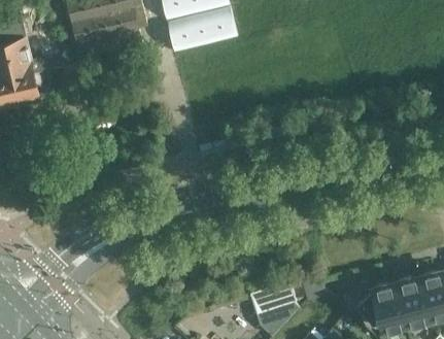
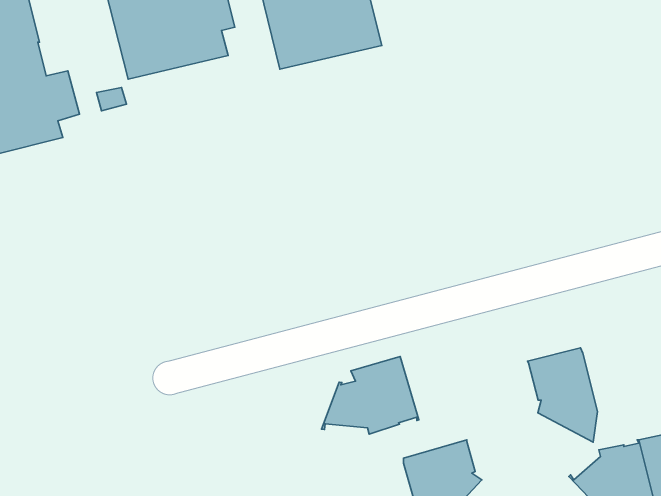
building: none -> [528,348,598,442]
building: none -> [322,356,419,434]

